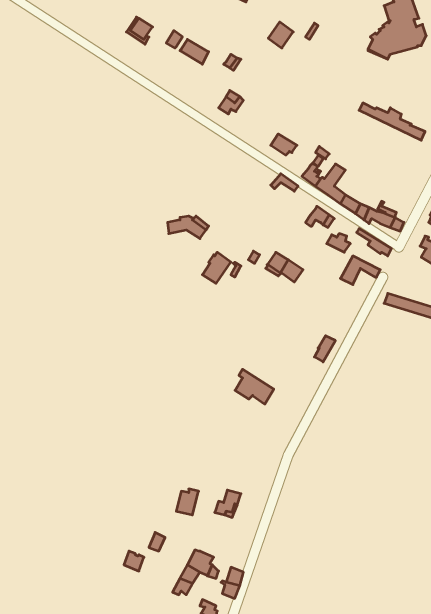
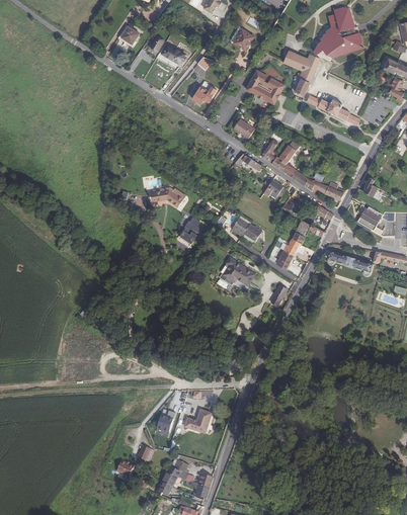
building: none -> [283,52,319,95]
building: none -> [246,71,284,105]
building: none -> [275,238,313,270]
building: [235,369,274,404] -> [223,257,254,285]

